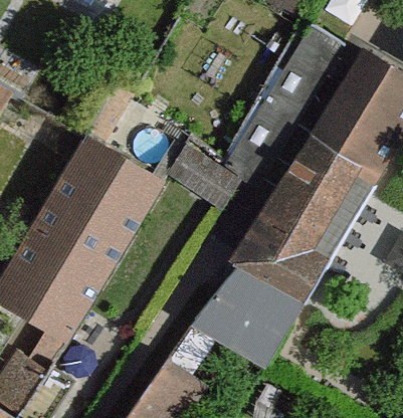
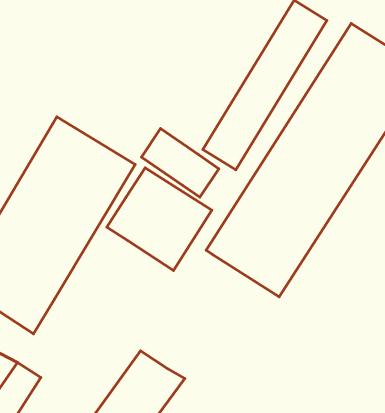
building: [198,265,297,363] -> [107,168,212,271]

